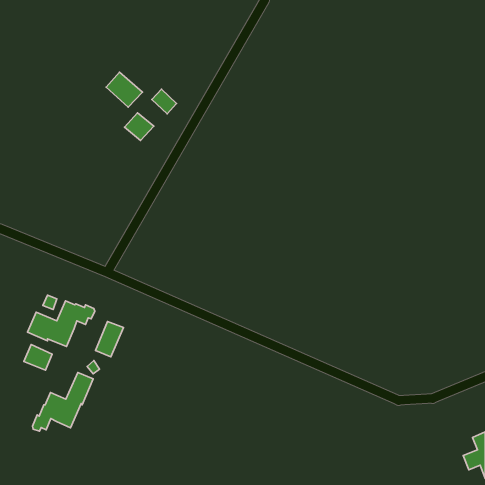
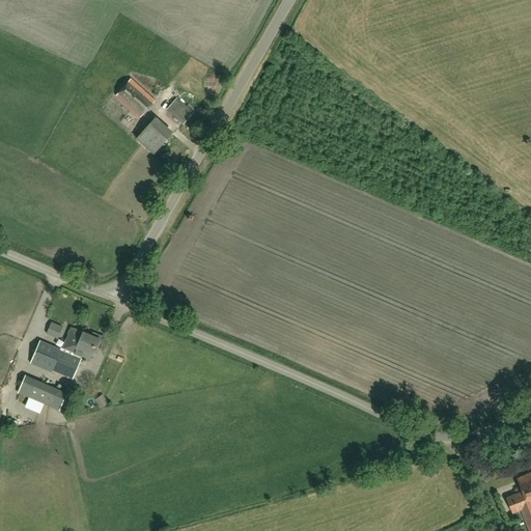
building: [96,322,123,357] -> none
building: [33,372,93,431] -> none

